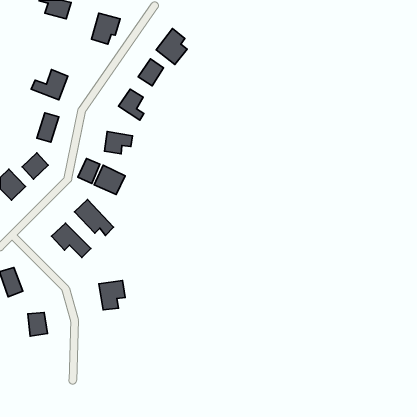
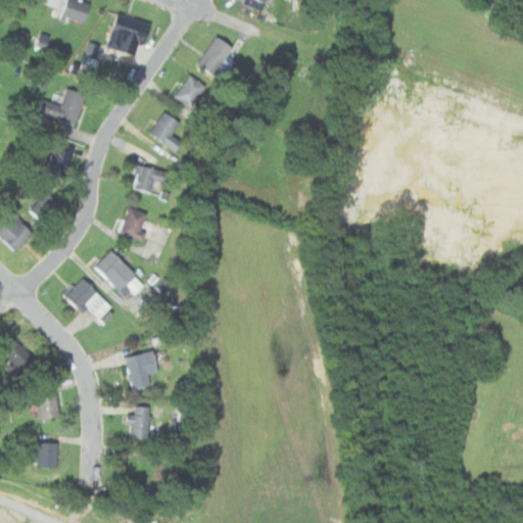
building: [78,159,100,183] -> none
building: none -> [129,407,149,439]
building: none -> [37,442,57,468]

